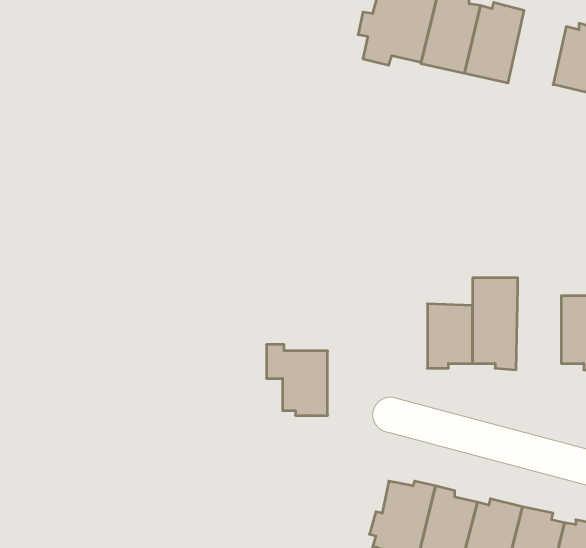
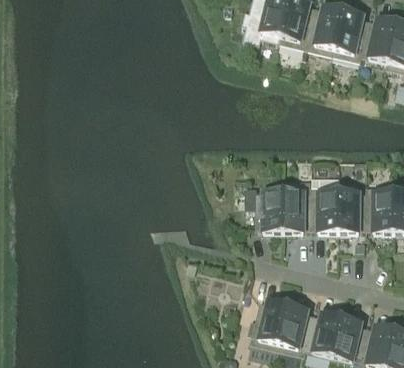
building: none -> [342,8,378,60]
building: none -> [347,180,375,231]
building: [266,345,328,415] -> [254,186,292,230]

